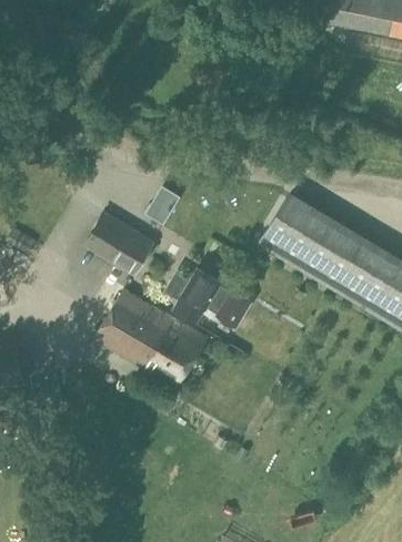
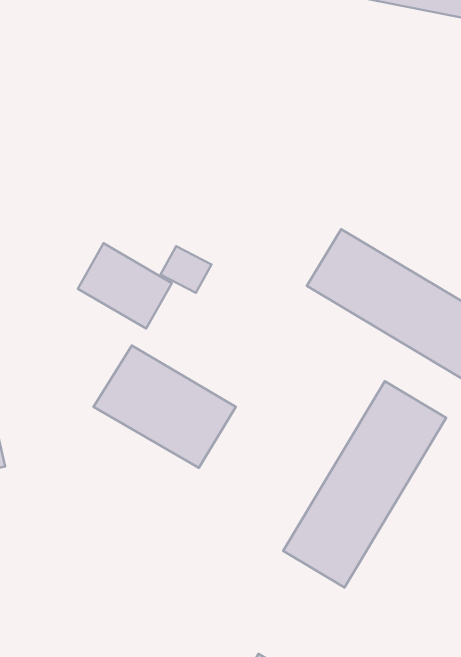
building: [170,266,255,326] -> none
building: none -> [283,381,446,587]

